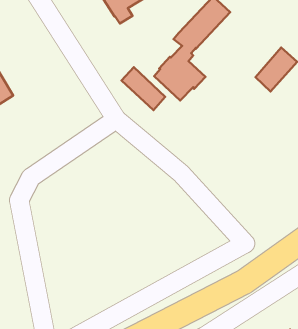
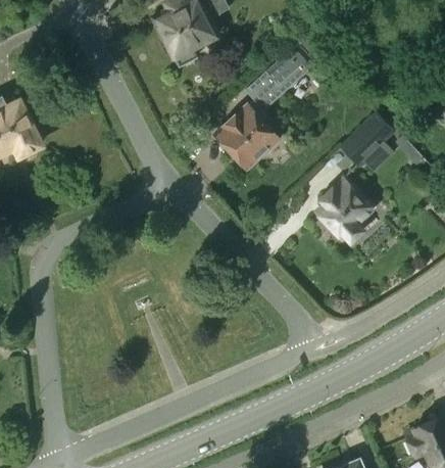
building: [122,67,165,110] -> none
building: none -> [316,179,370,243]

